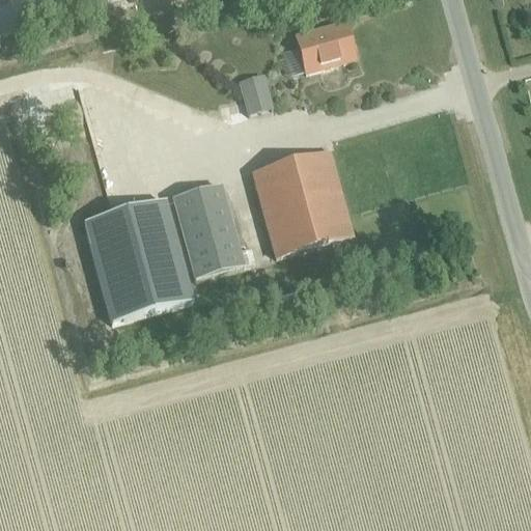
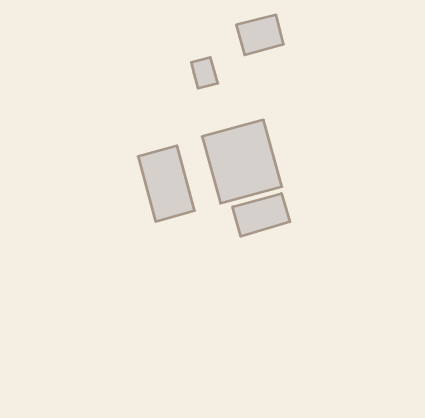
building: [83,197,193,319] -> none
building: none -> [233,193,290,236]

